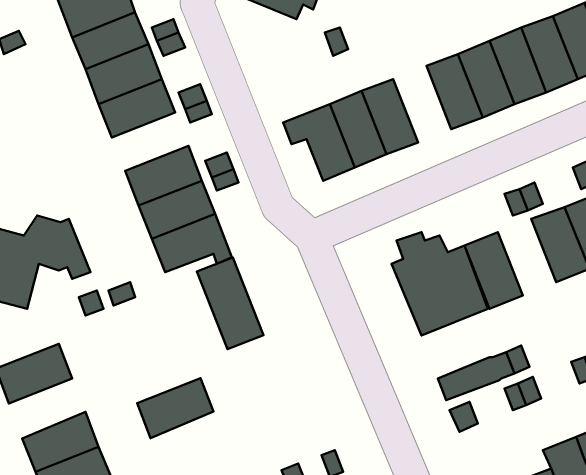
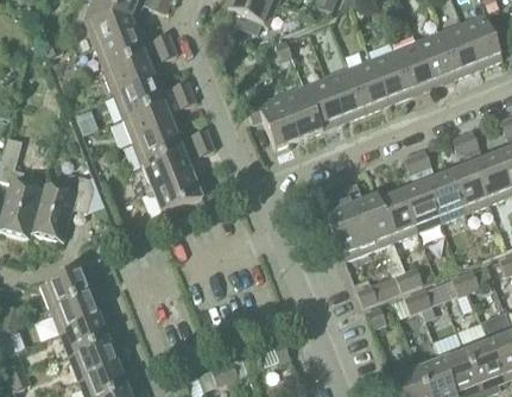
building: none -> [324,68,366,122]
building: none -> [124,101,178,143]
building: none -> [399,177,441,232]
building: [197,258,263,349] -> none
building: [137,378,214,438] -> [50,291,105,334]

